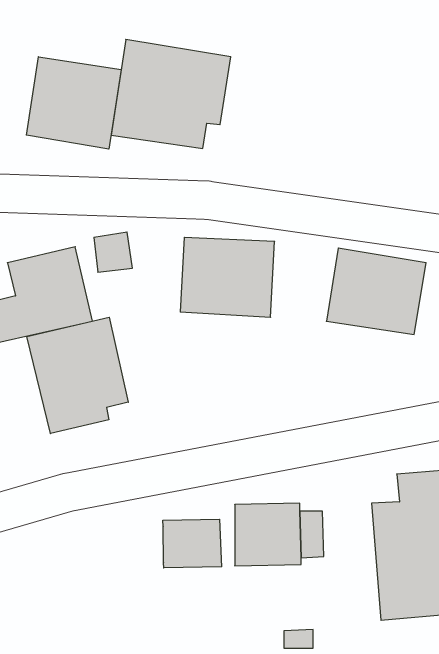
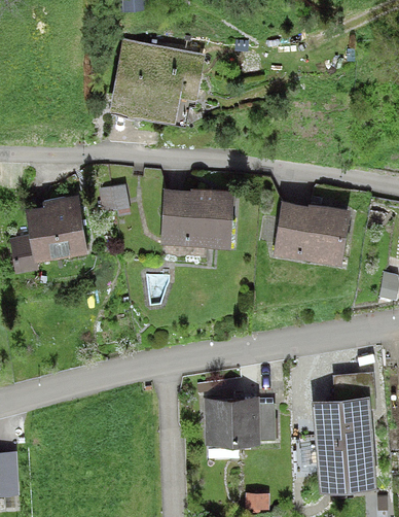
building: [26,57,121,149] -> none
building: [27,317,128,434] -> none
building: [163,519,222,568] -> none

